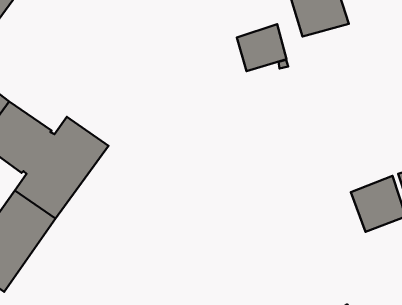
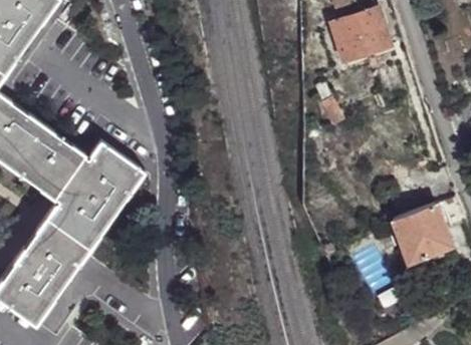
building: [237,24,287,71] -> none

